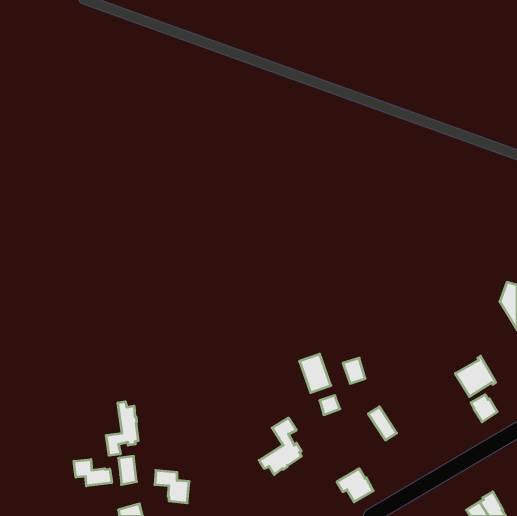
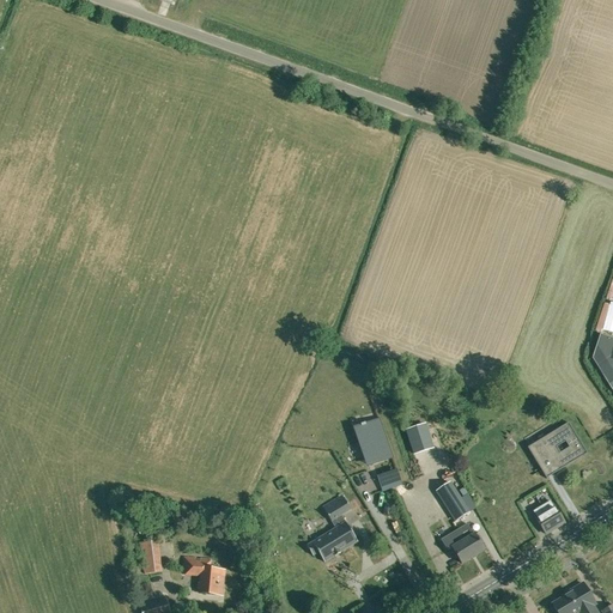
building: [471,395,497,422] -> [533,500,564,533]
building: [106,402,138,455] -> none
building: [74,459,112,486] -> none
building: [337,469,373,502] -> [441,523,484,563]

